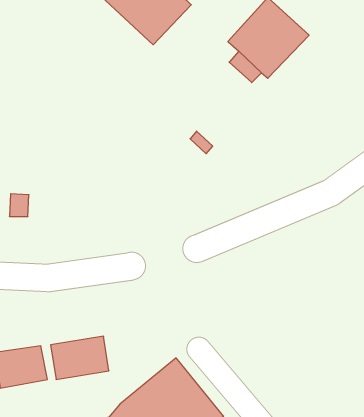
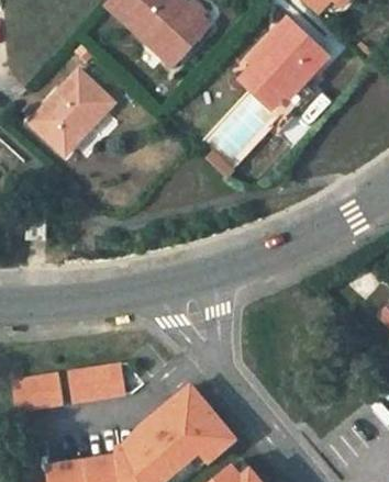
building: none -> [26,70,109,153]

